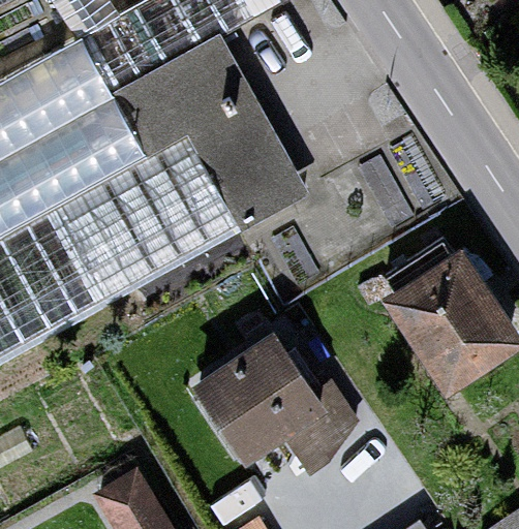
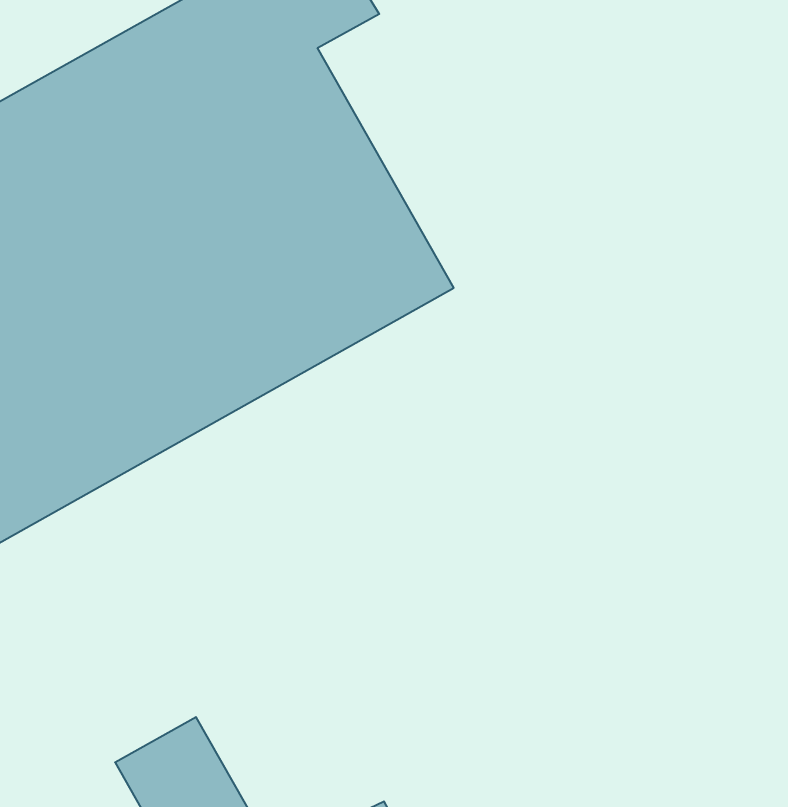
building: [388,256,513,385] -> none
building: [194,333,349,476] -> none

